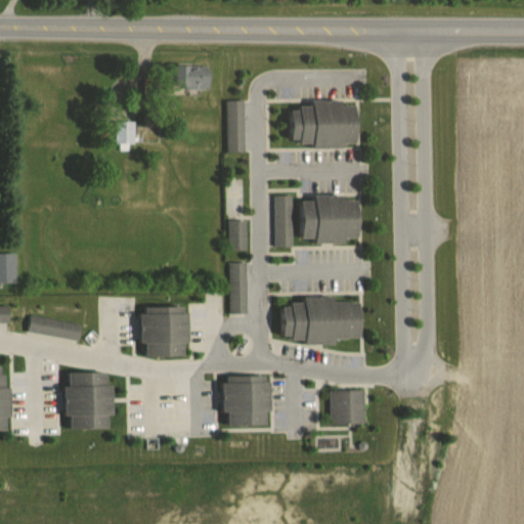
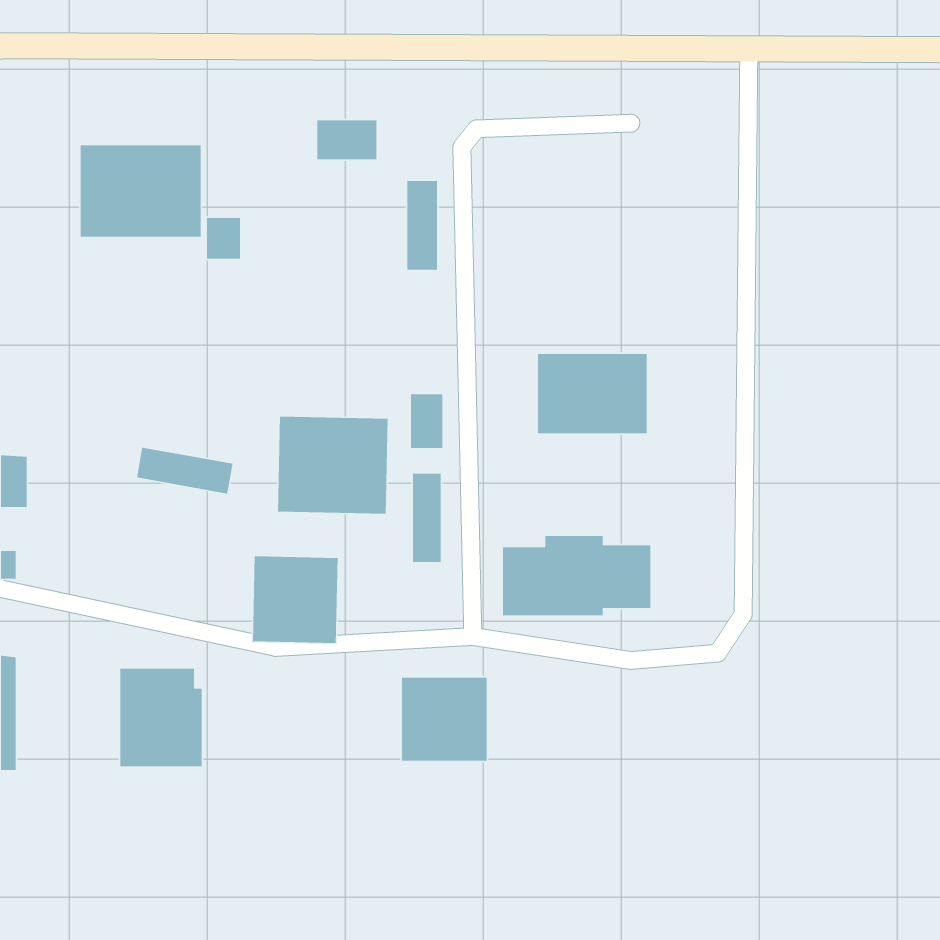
building: none -> [80,144,201,238]
building: [290,103,359,146] -> none
building: [274,195,291,247] -> none
building: none -> [277,416,389,514]
building: [26,314,80,341] -> [136,447,234,495]
building: [329,389,364,423] -> none

